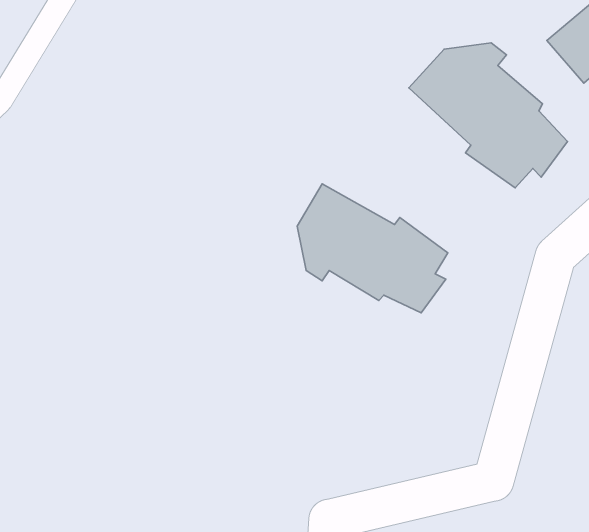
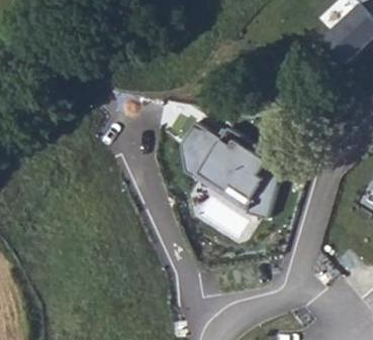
building: [409,43,568,188] -> none

